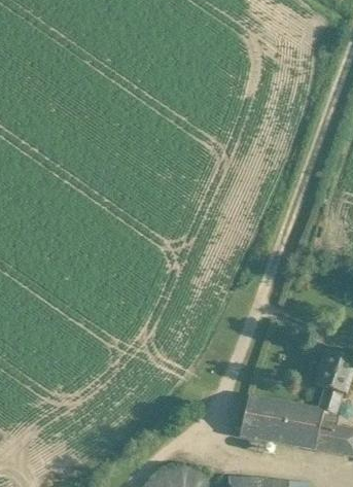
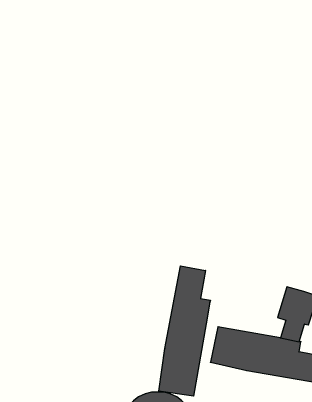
building: none -> [159,266,210,396]

